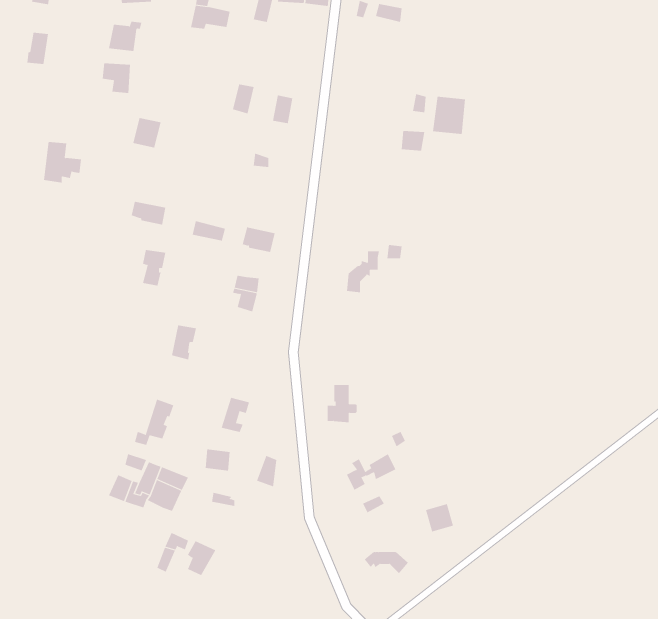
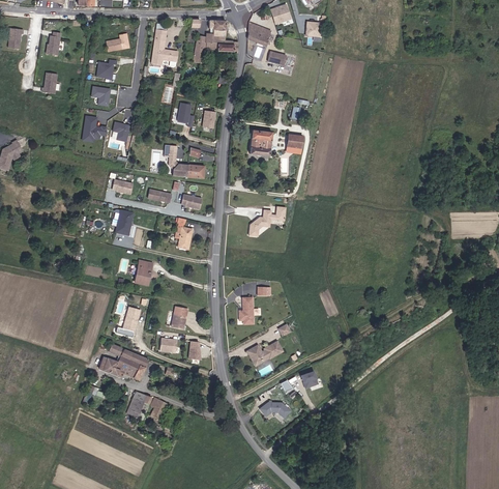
building: [432,96,466,135] -> [246,127,268,152]
building: [43,141,82,183] -> [83,117,108,144]
building: none -> [170,151,206,181]

